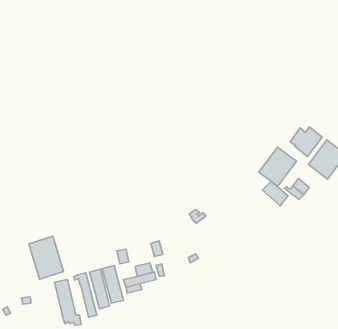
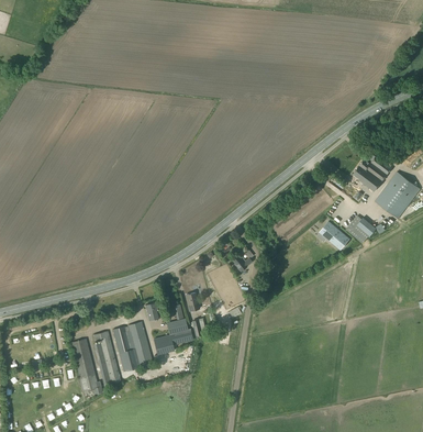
building: [259,147,297,186] -> none
building: [29,236,63,279] -> none

